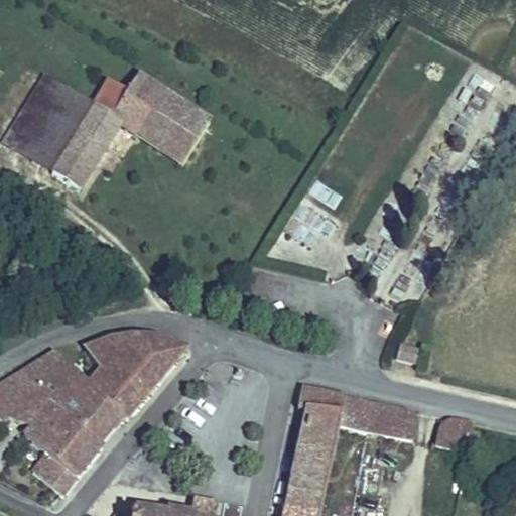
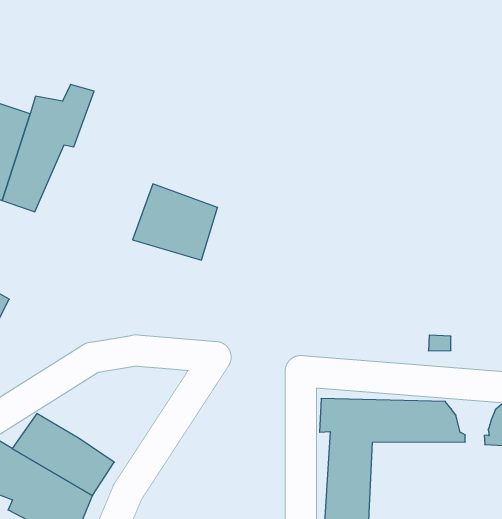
building: [128,91,205,162] -> [133,184,218,260]
building: [85,331,182,411] -> none

